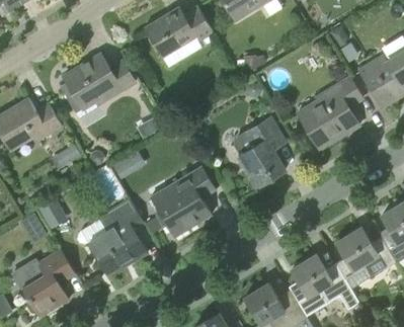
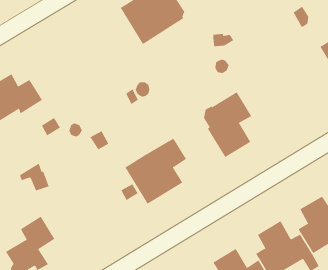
building: [59,54,136,112] -> none
building: [297,78,361,149] -> none
building: [77,198,147,272] -> none

